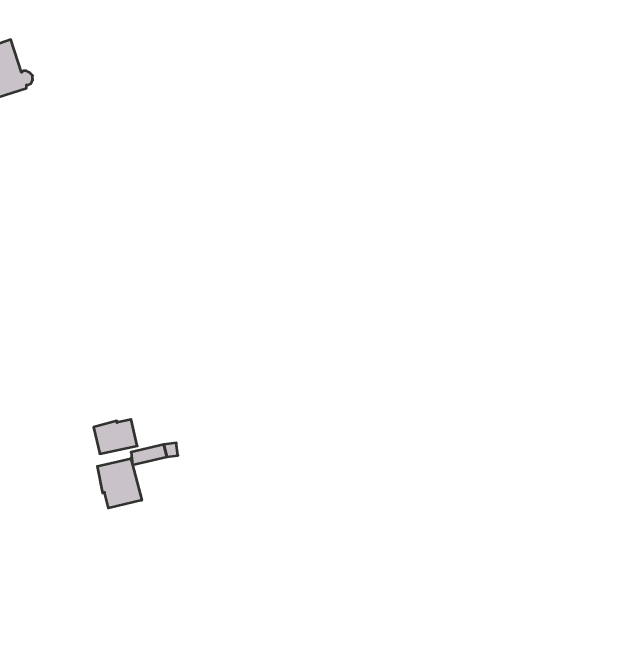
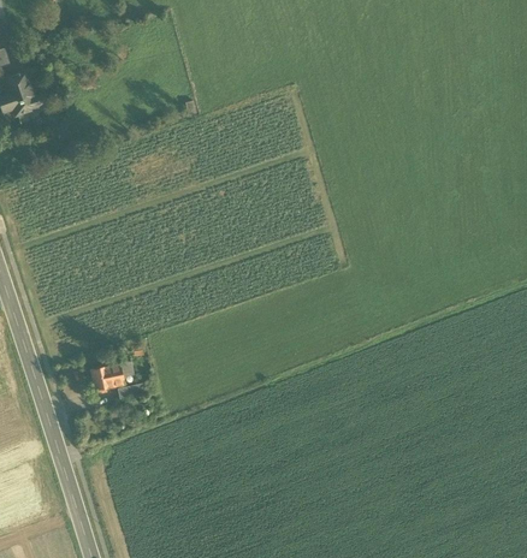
building: [97,458,142,508] -> none

